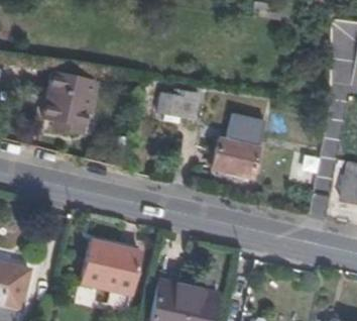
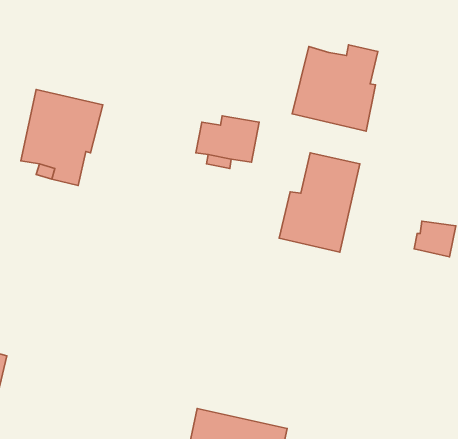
building: none -> [292,45,378,131]
building: [80,239,139,295] -> none

